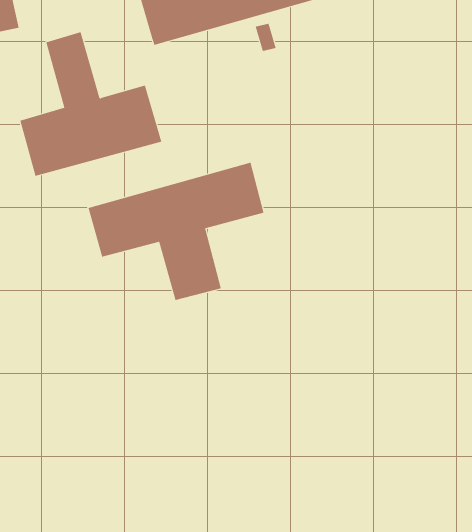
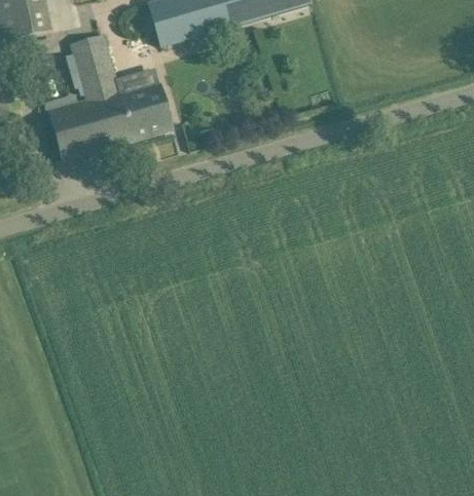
building: [88,162,264,301] -> none

